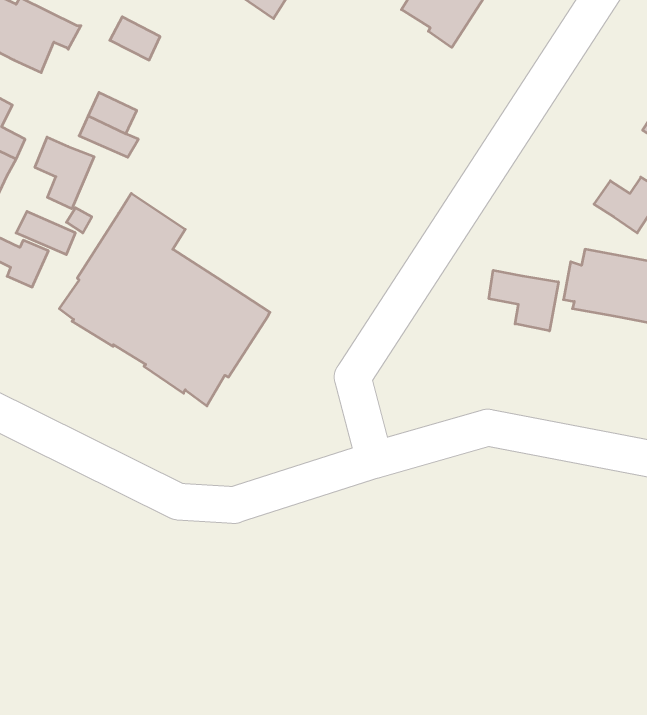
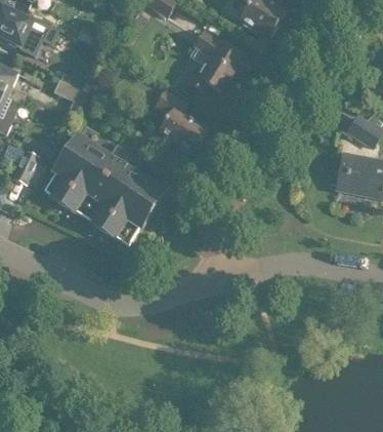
building: none -> [186,31,252,92]
building: none -> [155,89,209,153]
building: [35,137,94,209] -> none
building: [489,270,558,331] -> none

